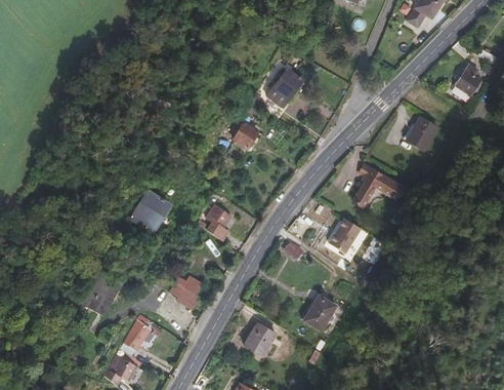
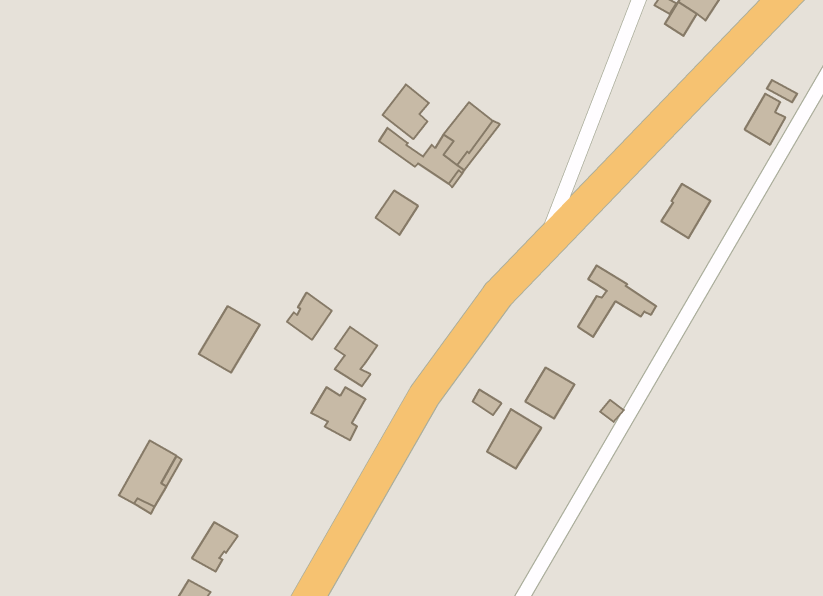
building: none -> [383,84,429,139]
building: none -> [287,293,332,340]
building: [172,275,205,307] -> [311,387,366,440]
building: [303,297,336,333] -> [487,409,541,469]
building: [243,324,275,358] -> none

